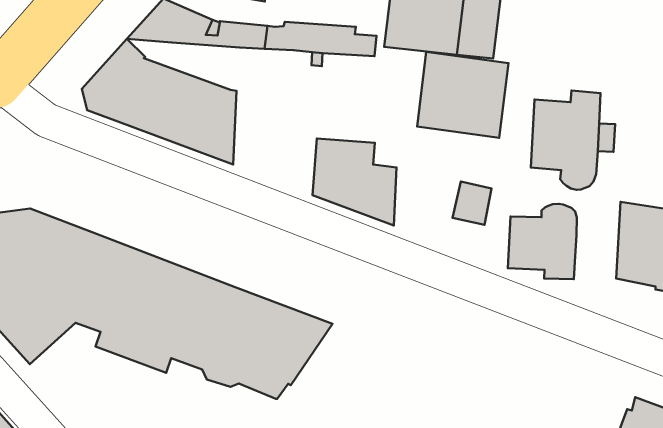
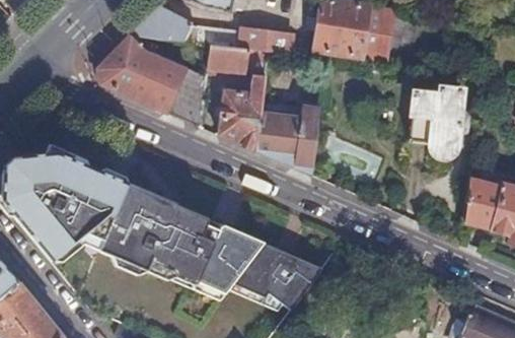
building: none -> [207,45,247,71]
building: [417,52,508,138] -> none
building: none -> [219,76,265,151]
building: [508,204,577,279] -> none
building: none -> [233,243,321,311]

